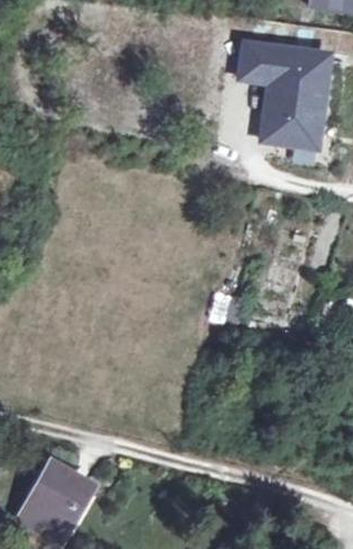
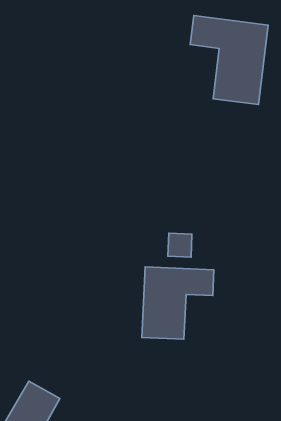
building: none -> [142,267,214,339]

